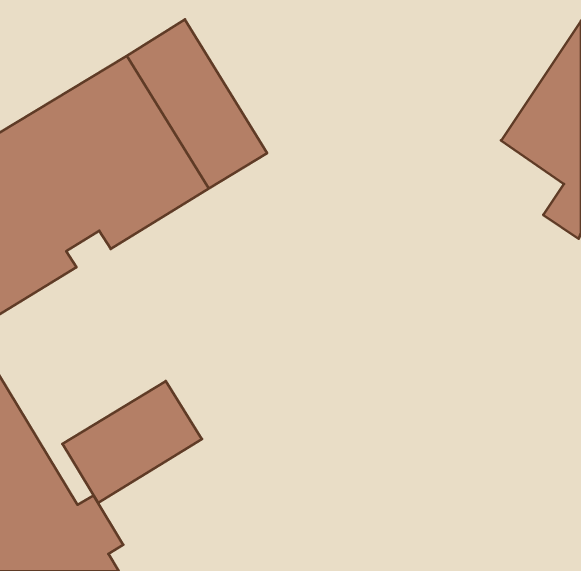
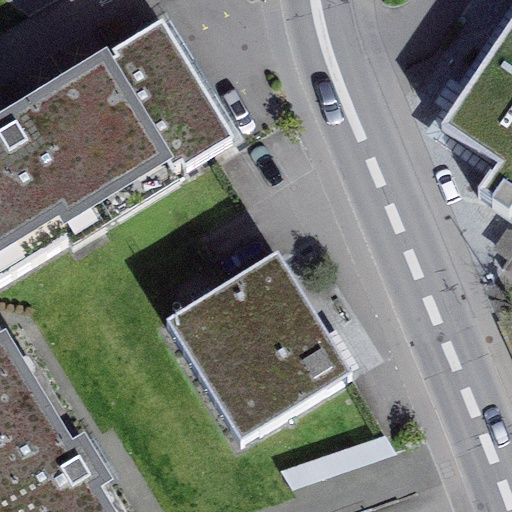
building: none -> [164,248,350,438]
building: [62,381,202,503] -> none

